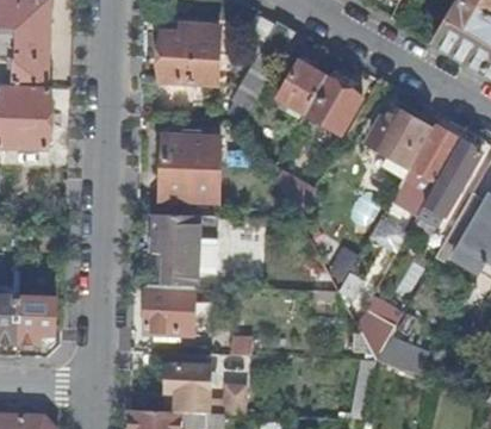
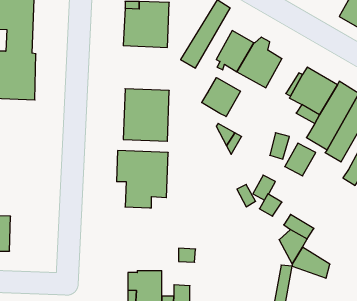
building: none -> [202,78,240,117]
building: [147,285,194,335] -> none
building: [17,297,56,342] -> none

